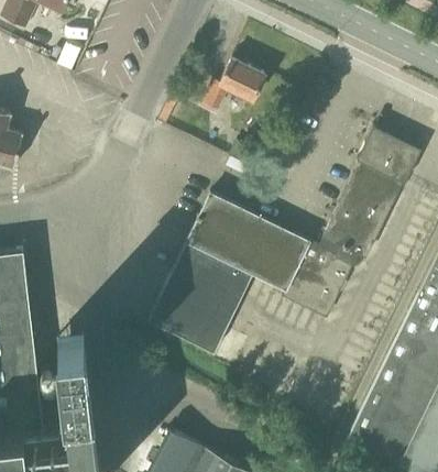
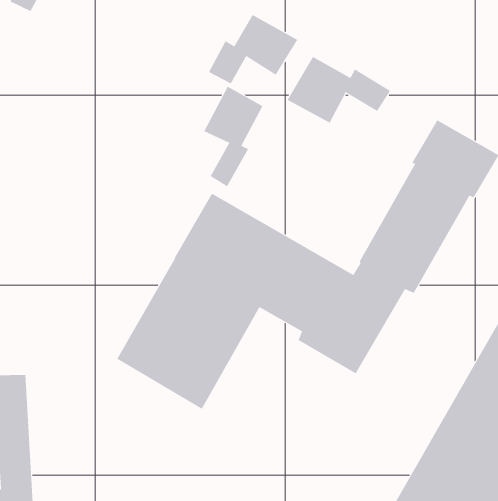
building: none -> [287,56,391,124]
building: none -> [204,86,263,187]

